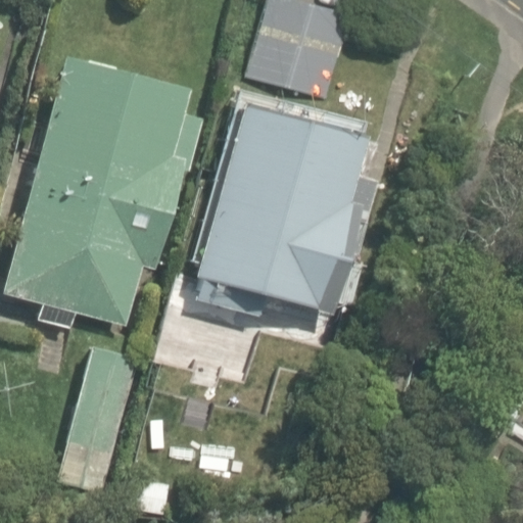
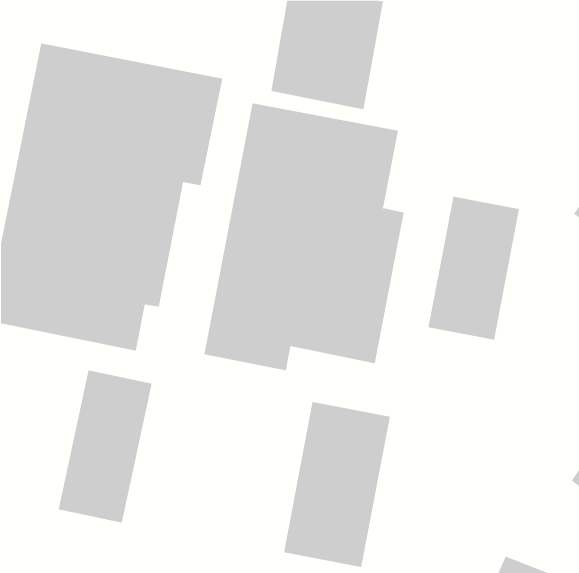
building: none -> [428,196,520,340]
building: none -> [283,401,391,568]

